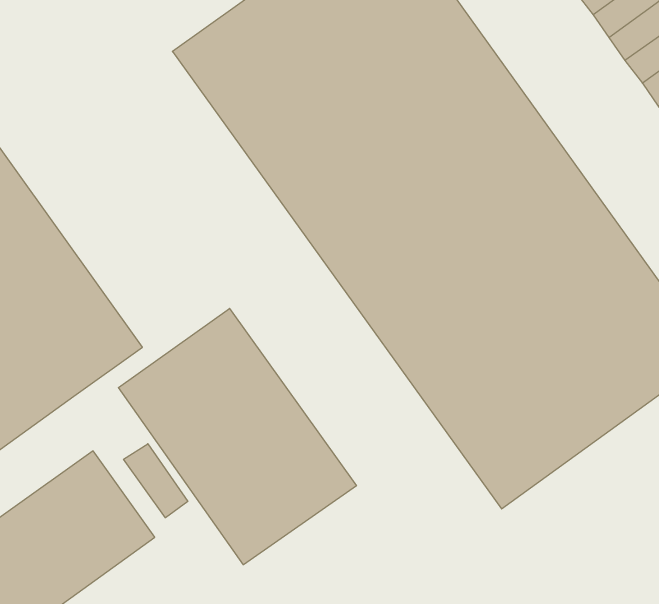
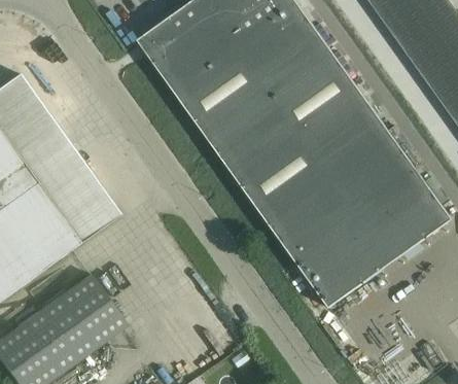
building: [118,308,356,565] -> none
building: [124,444,188,518] -> none

